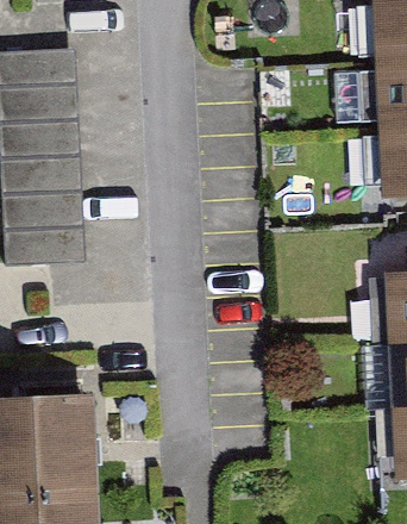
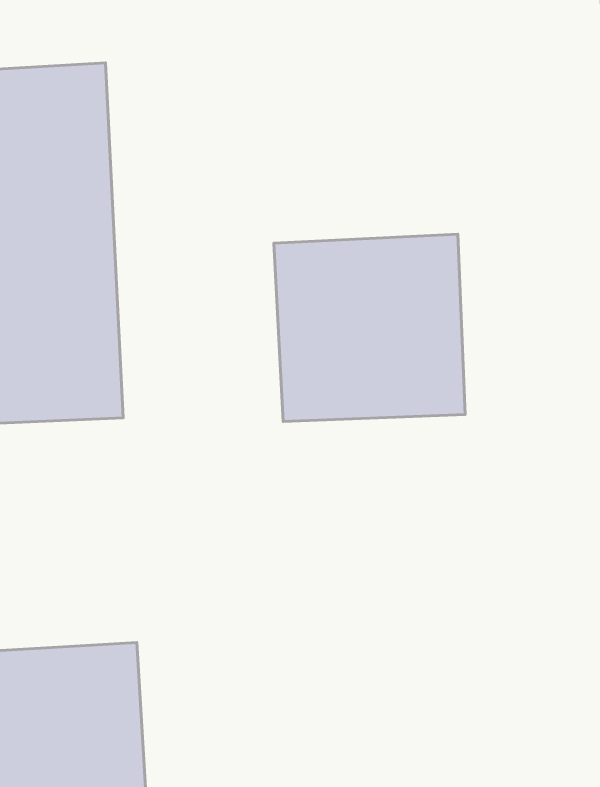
building: none -> [274,234,465,421]

